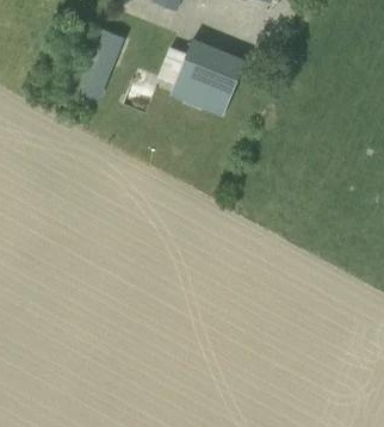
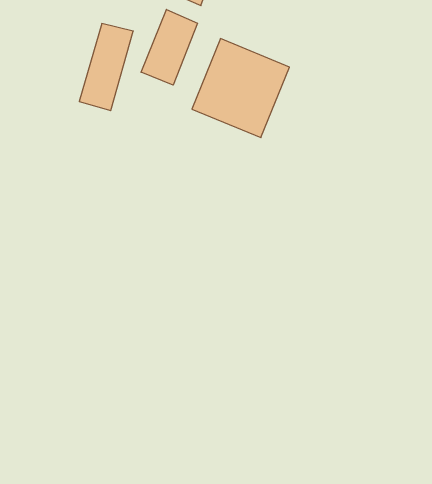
building: none -> [141,9,198,85]

